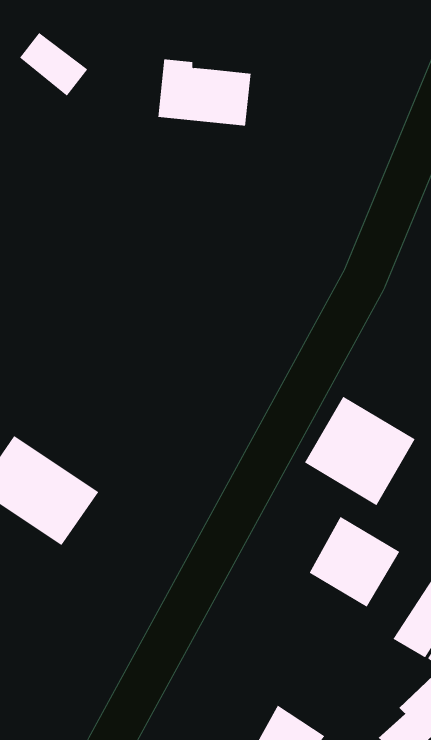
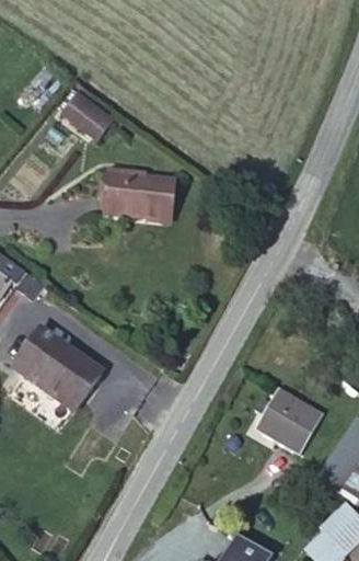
building: [19,32,88,97] -> [61,92,112,139]
building: [157,59,252,126] -> [105,170,174,219]
building: [304,396,415,506] -> none

